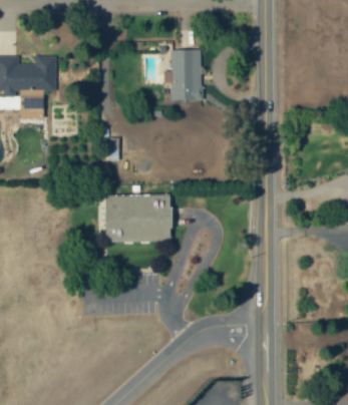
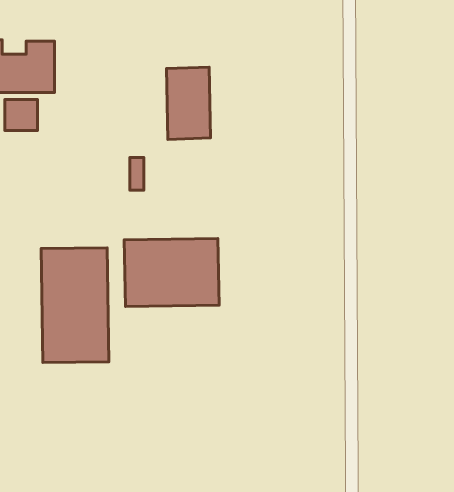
building: [170,49,202,100] -> [167,67,211,139]
building: none -> [41,248,109,362]

